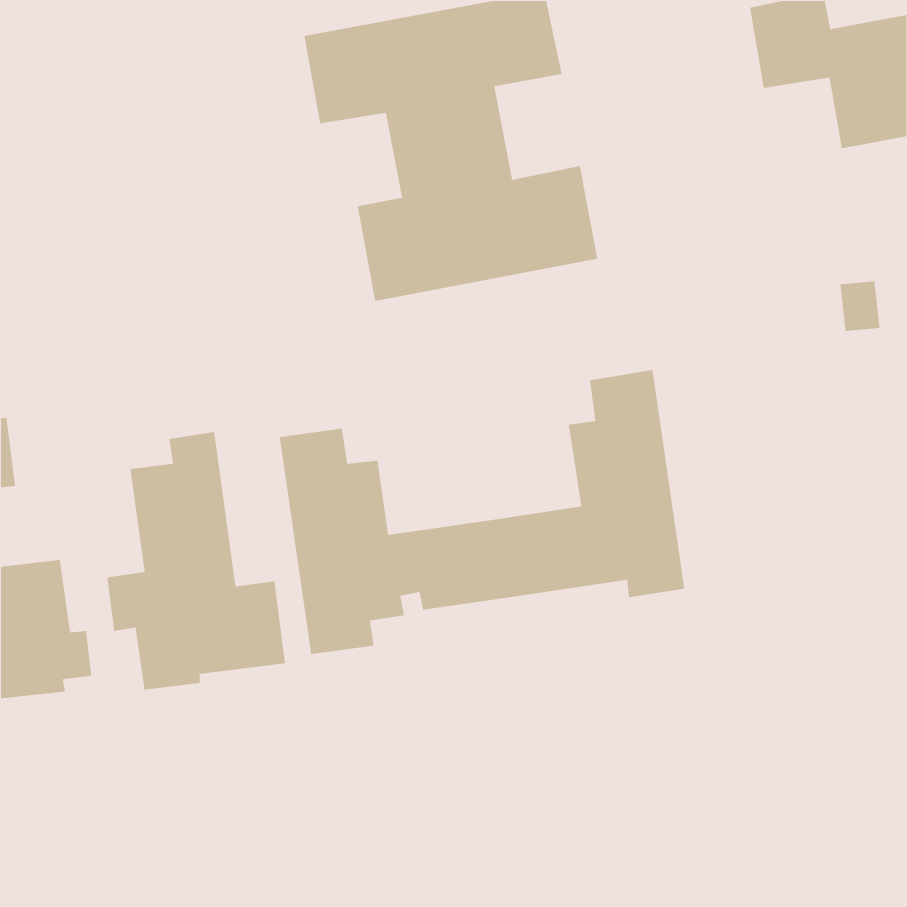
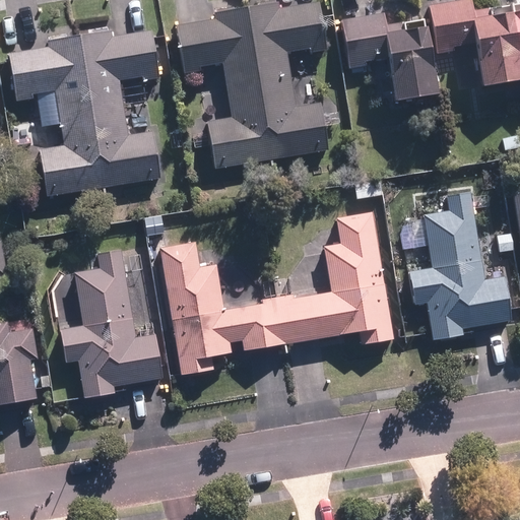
building: none -> [340,10,438,101]
building: none -> [9,28,159,197]
building: none -> [407,206,511,332]

